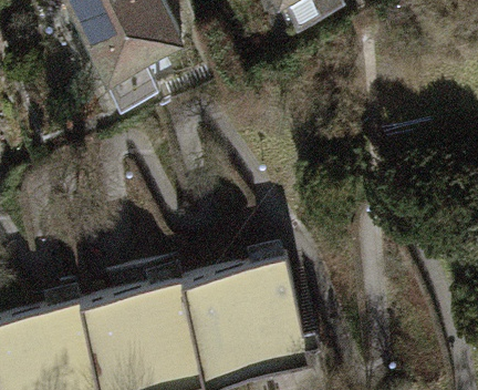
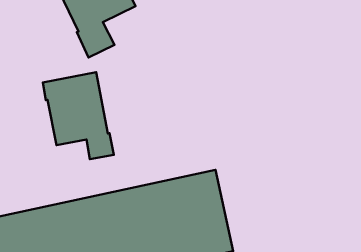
building: none -> [43,72,114,159]

